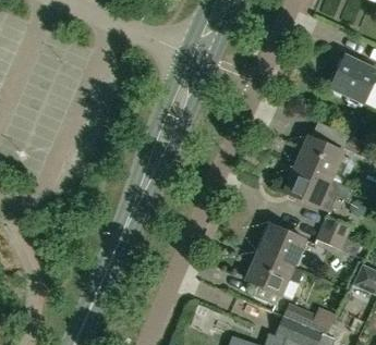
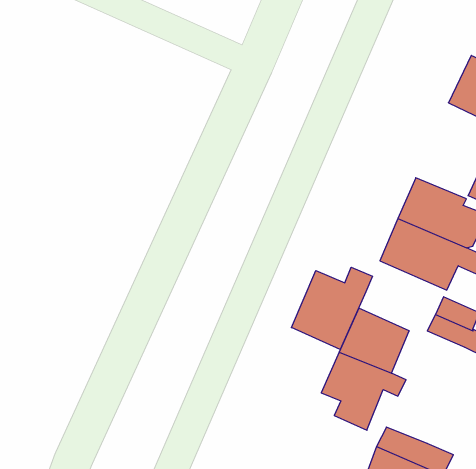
building: none -> [291,267,372,349]

